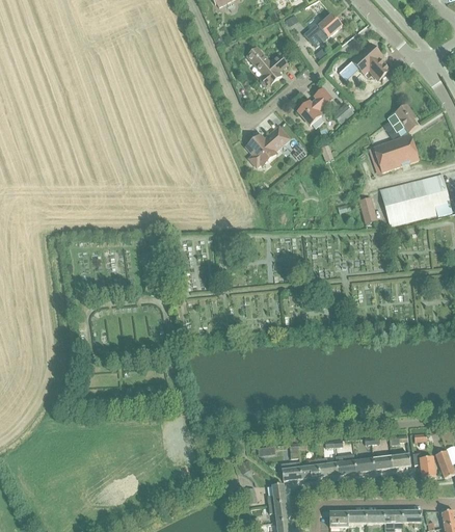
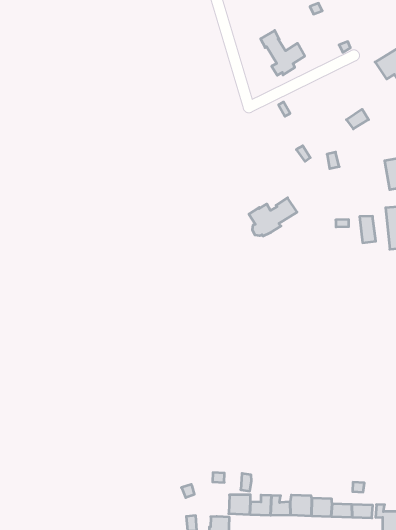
building: [302,15,341,41] -> none
building: [298,88,332,125] -> none
building: [246,127,289,164] -> [249,198,297,236]

